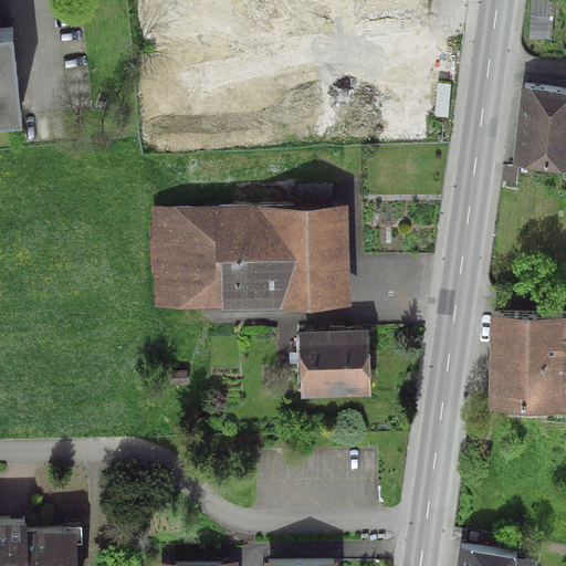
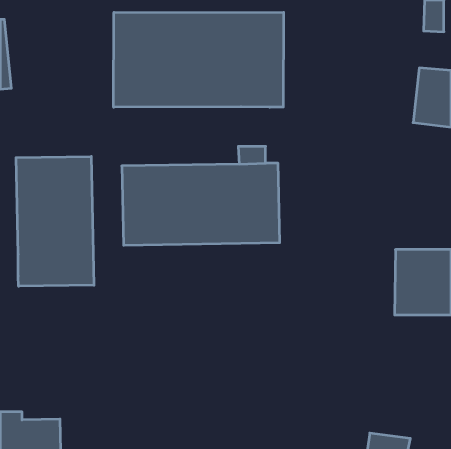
building: none -> [114,12,284,107]
building: none -> [16,156,94,286]
building: [298,333,371,401] -> none

